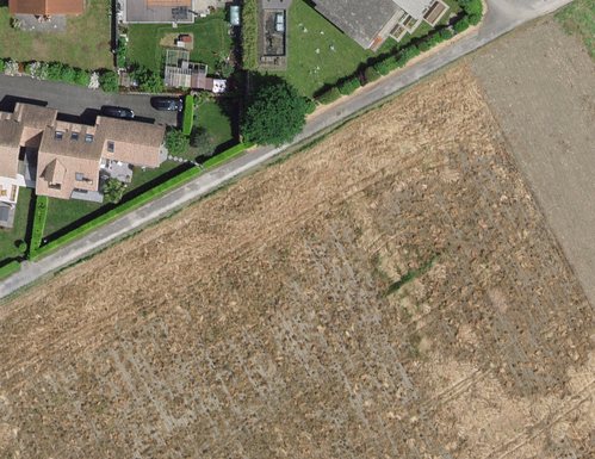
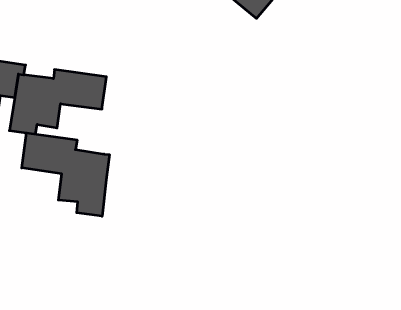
building: none -> [22,133,109,216]

